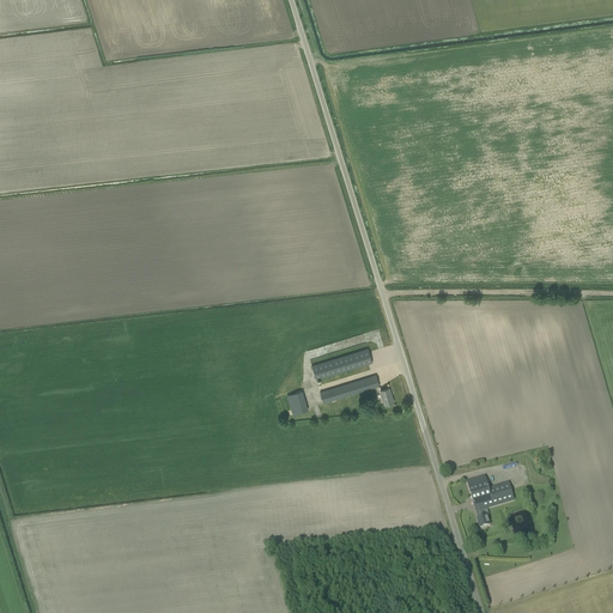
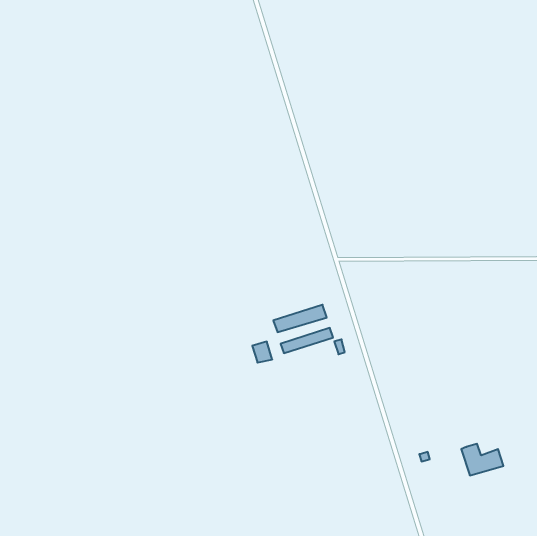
building: [467,475,515,511] -> [461,444,503,475]

